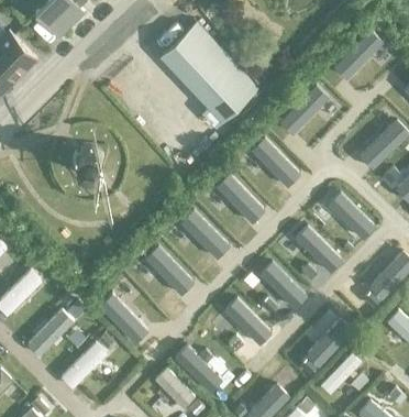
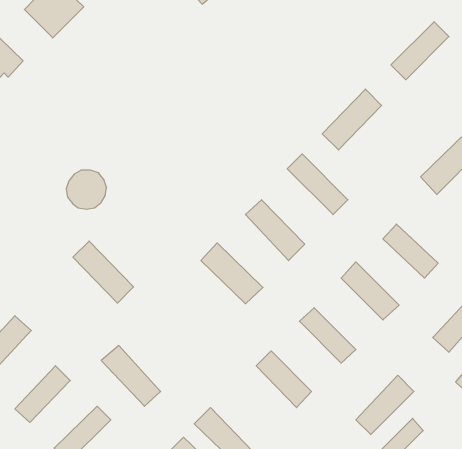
building: [157,23,255,123] -> none
building: [143,243,192,294] -> [73,241,134,303]

